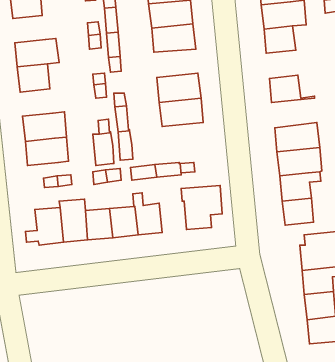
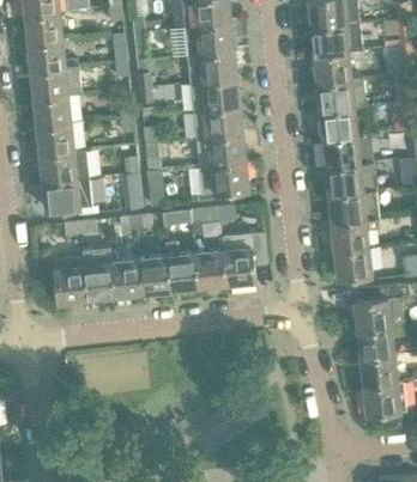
building: none -> [28,41,65,72]
building: none -> [188,79,238,111]
building: none -> [316,80,365,112]
building: none -> [36,124,73,155]
building: none -> [322,135,374,169]
building: none -> [198,163,247,196]
building: none -> [194,252,225,288]

